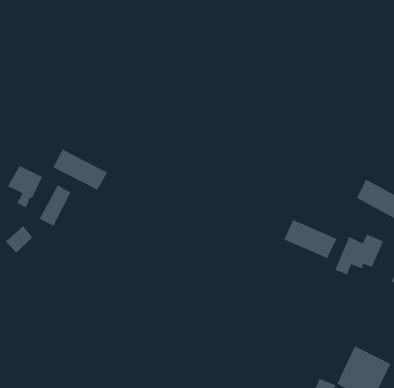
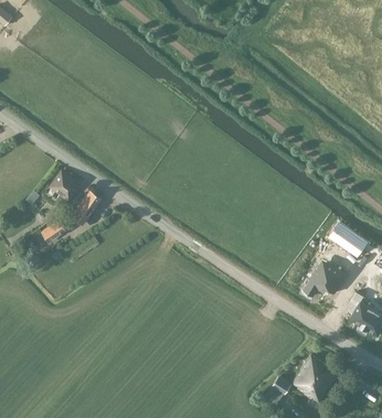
building: [52,149,108,191] -> none
building: [283,219,337,259] -> none

